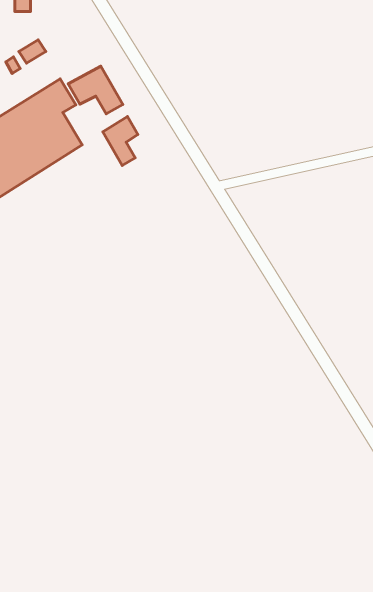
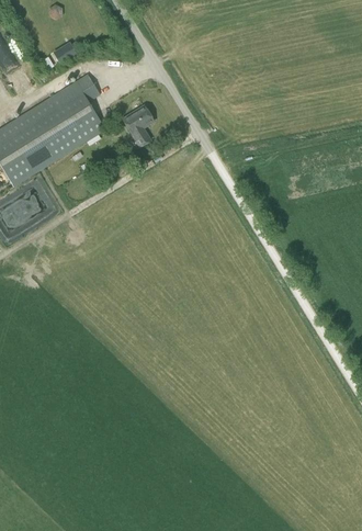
building: [68,66,123,114] -> none

